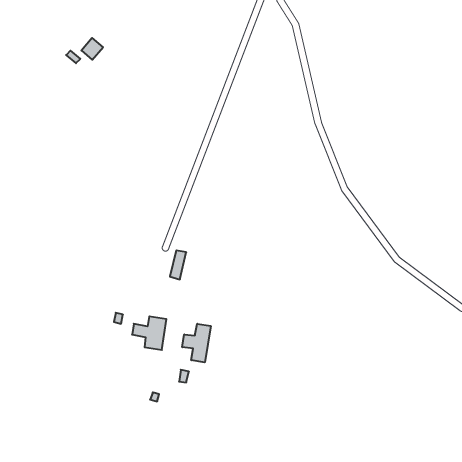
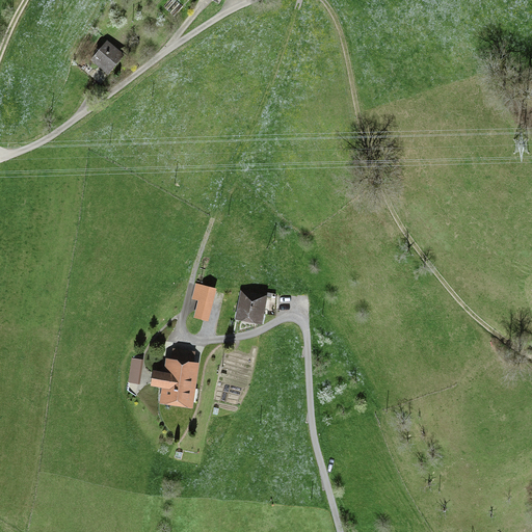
building: none -> [239,291,266,320]
building: [182,324,211,362] -> none

